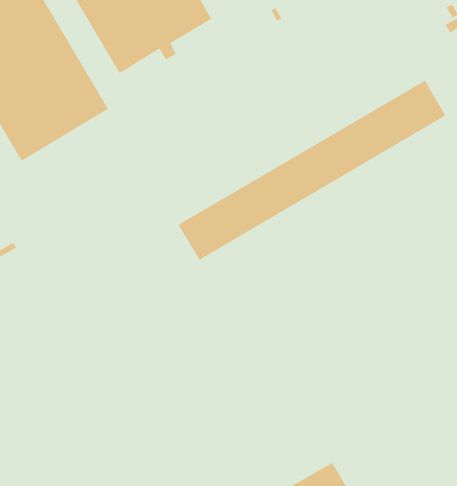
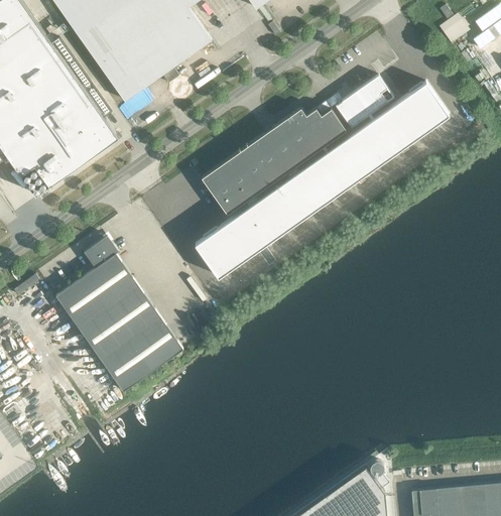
building: none -> [336,76,394,127]
building: none -> [202,108,346,215]
building: none -> [55,236,183,391]

